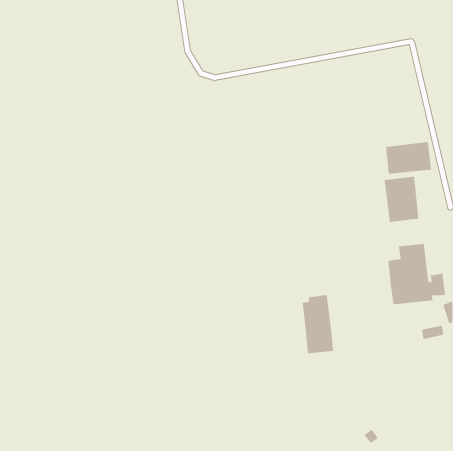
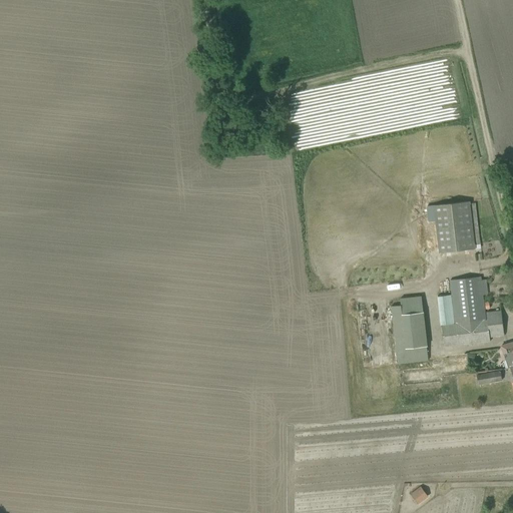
building: [385,141,431,175] -> none
building: [302,295,334,354] -> [392,296,428,363]

